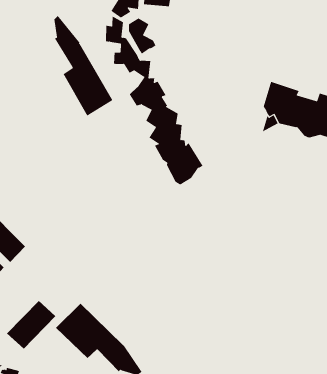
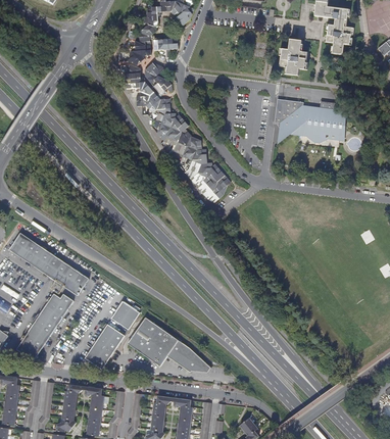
building: [54,15,113,117] -> none
building: none -> [279,39,307,76]
building: none -> [111,301,140,330]

